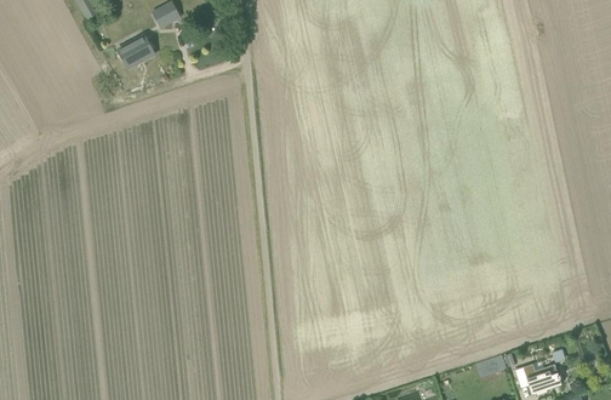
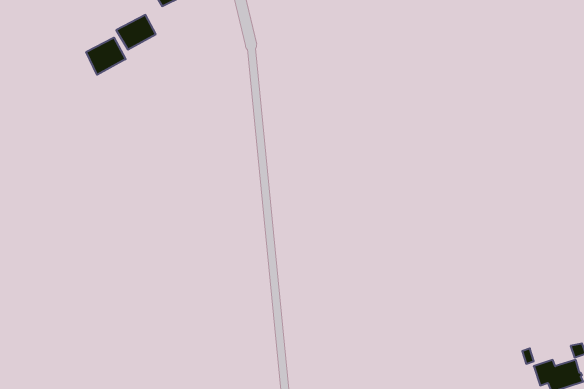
building: none -> [86,38,126,75]

